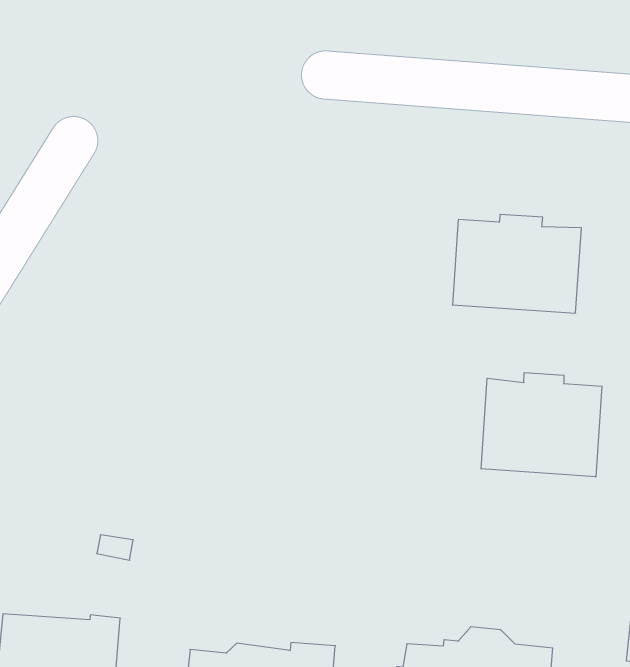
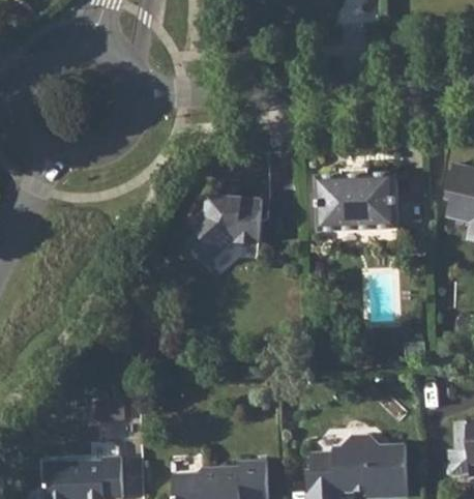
building: none -> [186,195,262,266]
building: [481,373,602,477] -> none

